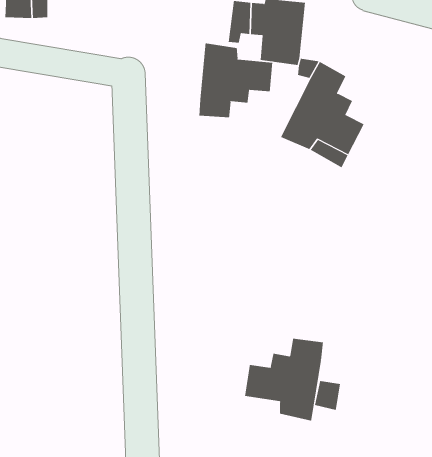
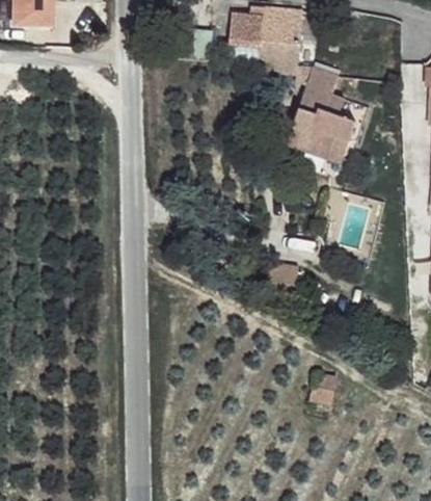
building: [199,43,273,118] -> none
building: [245,338,324,421] -> none

